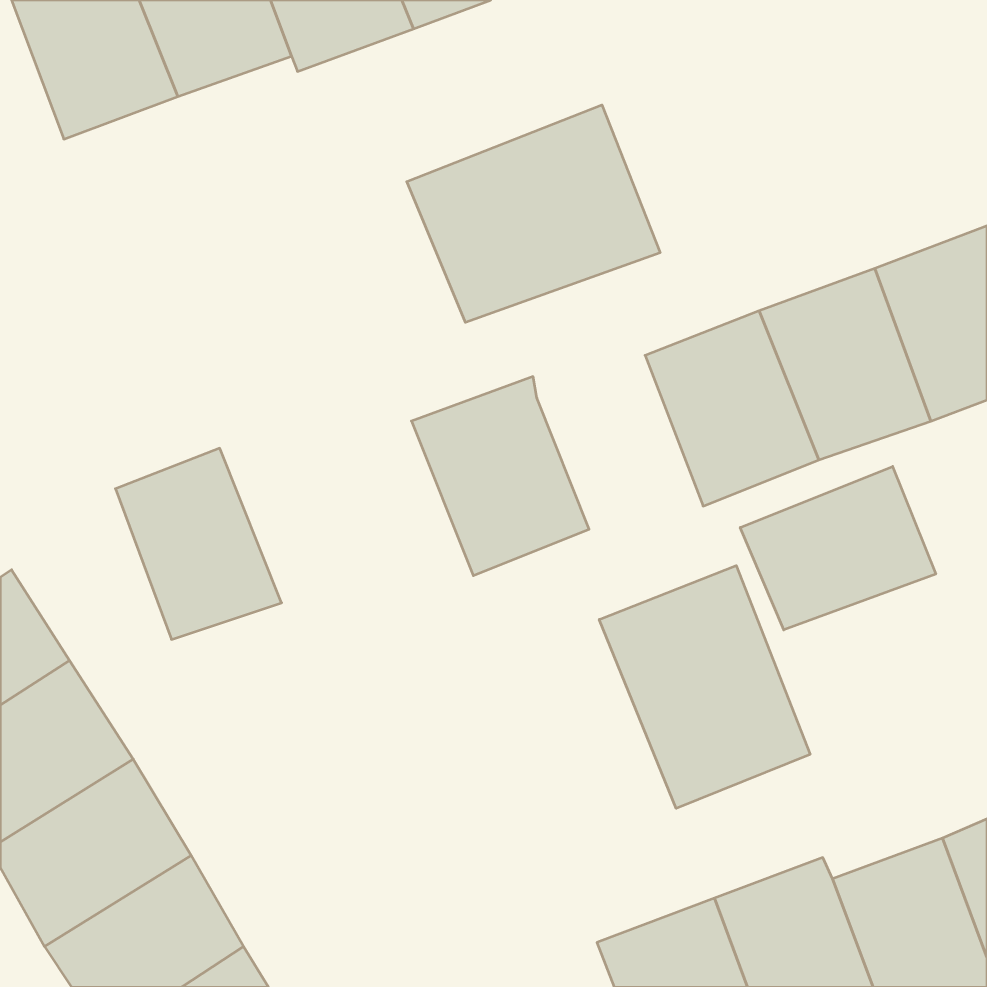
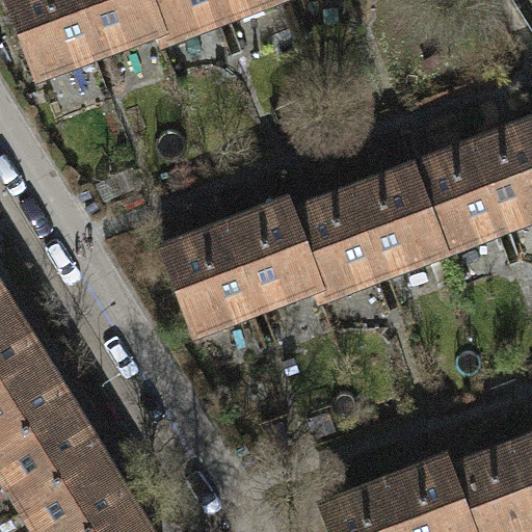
building: [407,105,660,322] -> none
building: none -> [289,191,378,295]
building: [115,448,282,639] -> [165,227,255,329]
building: [740,466,936,630] -> none
building: [599,566,810,808] -> none

